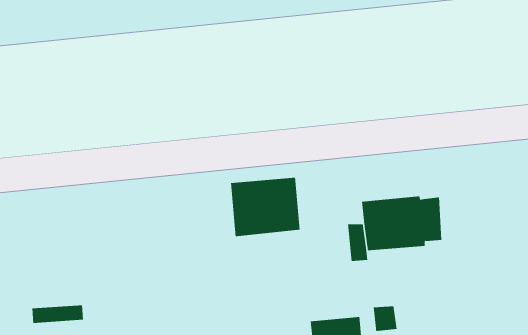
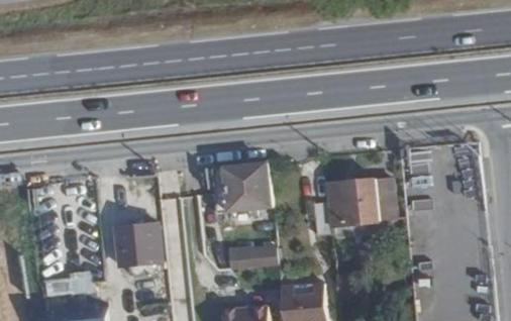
building: none -> [115,223,163,268]
building: none -> [223,243,272,266]

